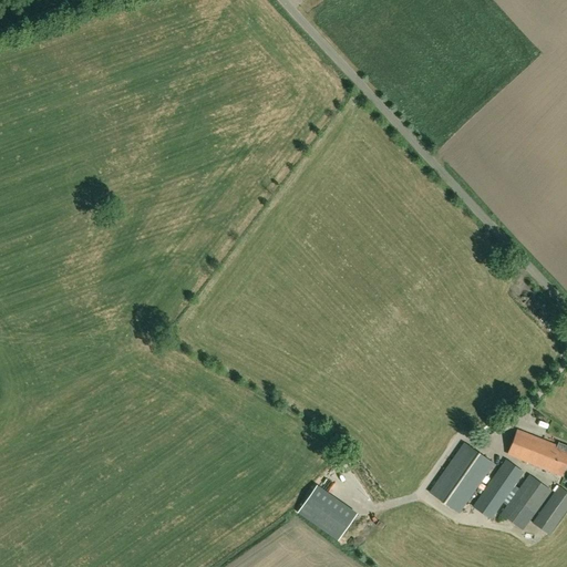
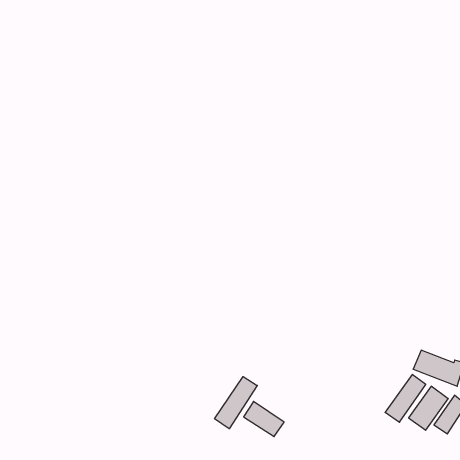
building: [430,443,494,513] -> none
building: none -> [215,377,257,429]

